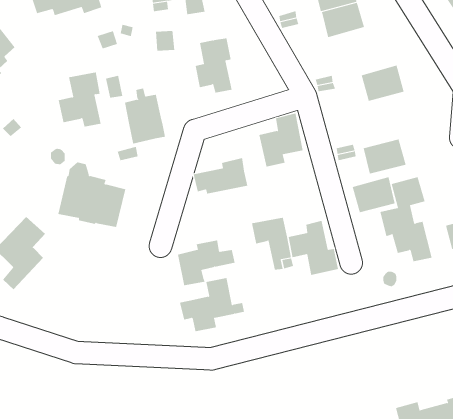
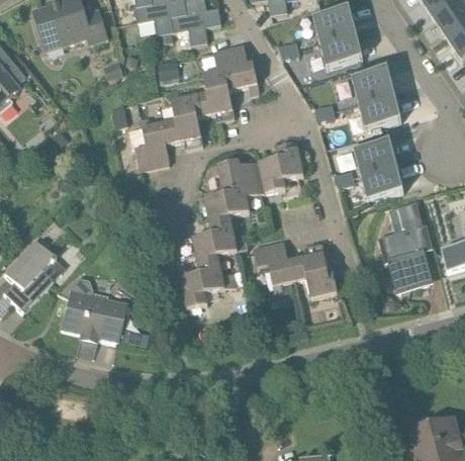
building: none -> [213,44,260,94]
building: none -> [352,69,394,104]
building: [58,72,102,127] -> [161,95,203,149]
building: none -> [209,161,267,197]
building: [57,162,126,228] -> [60,278,126,342]
building: [352,177,396,213] -> [354,140,396,175]
building: [179,278,245,332] -> [184,215,248,268]

